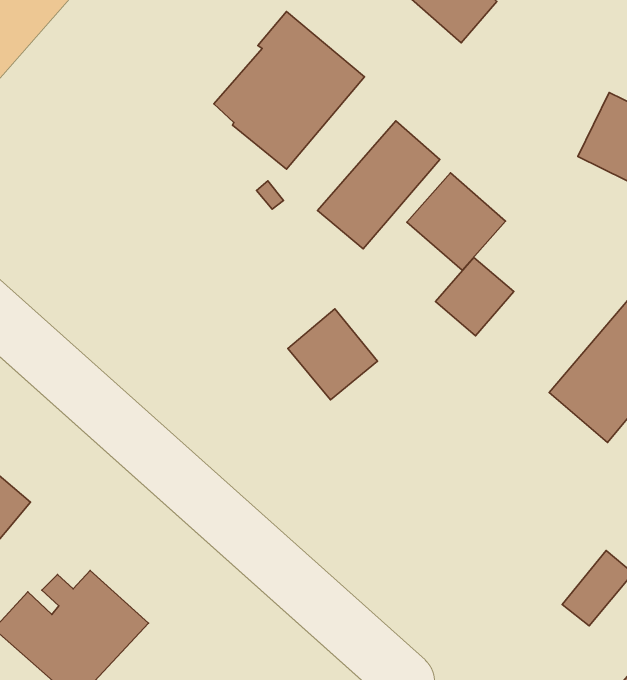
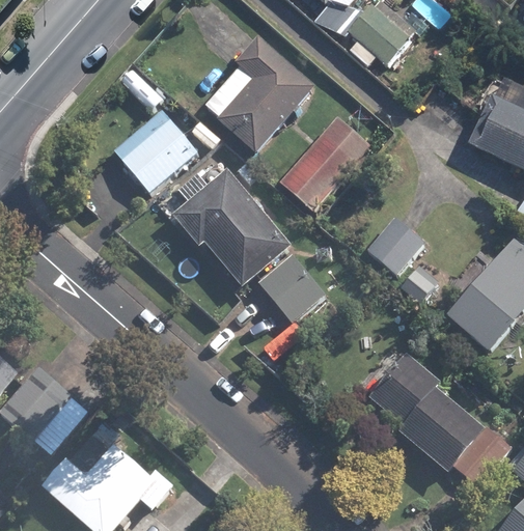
building: none -> [112,108,198,193]
building: [407,173,506,270] -> none
building: none -> [172,169,289,285]
building: none -> [371,354,487,472]

